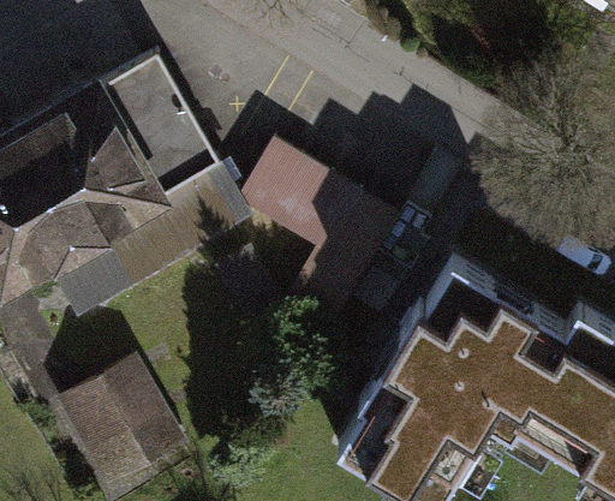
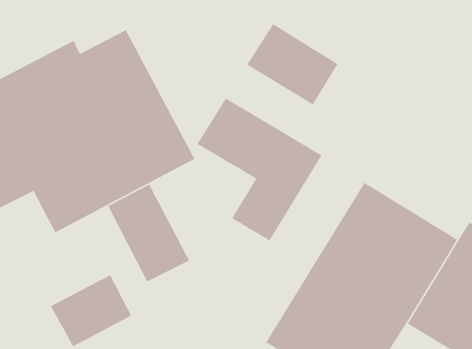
building: none -> [246,23,338,106]
building: none -> [107,183,190,282]

